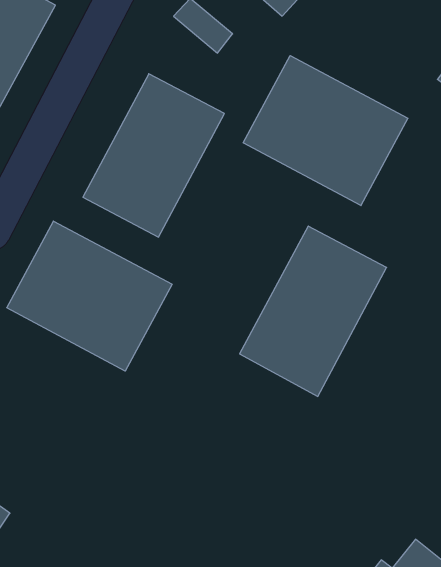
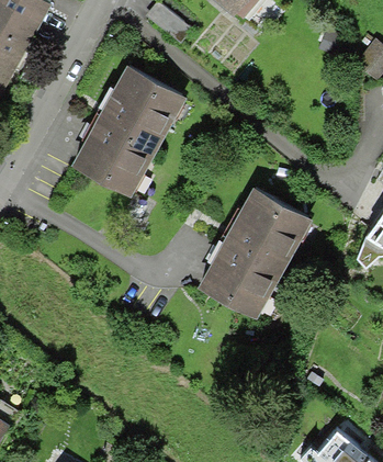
building: [243,56,408,206] -> none
building: [7,221,172,371] -> none

